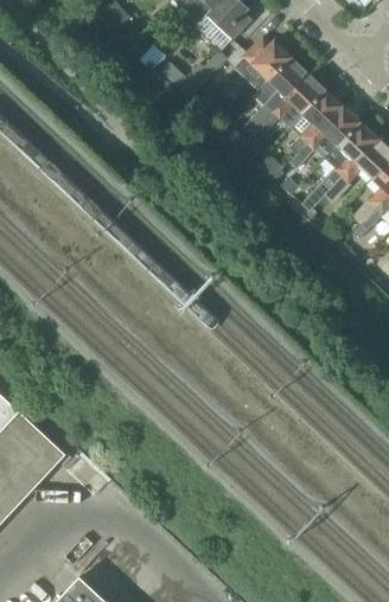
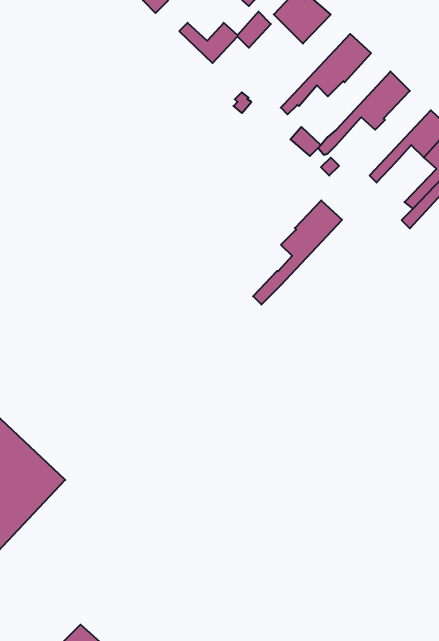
building: [243,57,308,134] -> none
building: [288,90,343,155] -> none
building: [301,122,377,211] -> [253,200,342,305]

